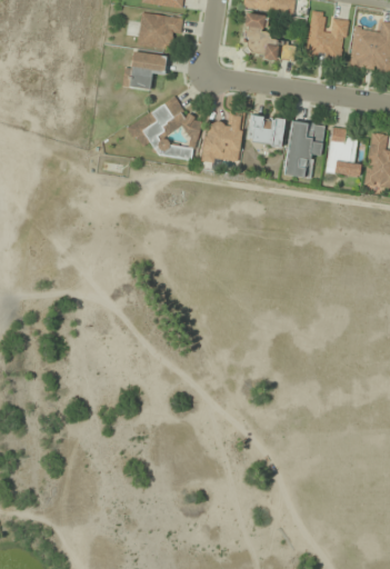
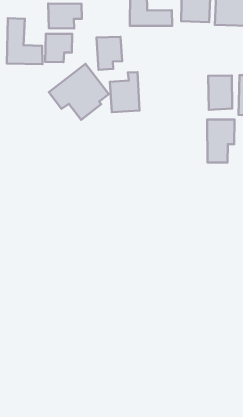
building: none -> [7,18,42,64]
building: none -> [97,37,122,70]
building: [248,113,286,146] -> none
building: [284,120,326,178] -> [207,119,234,162]

